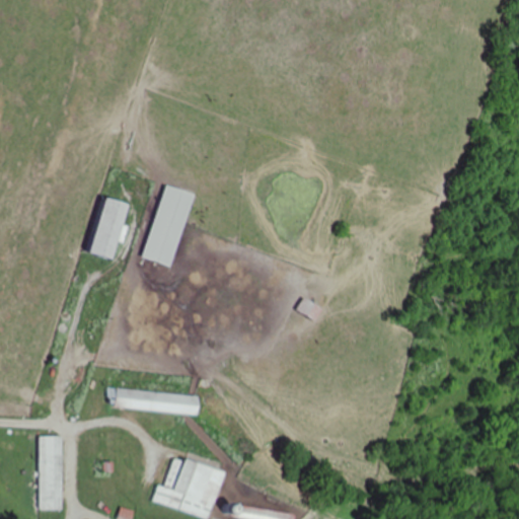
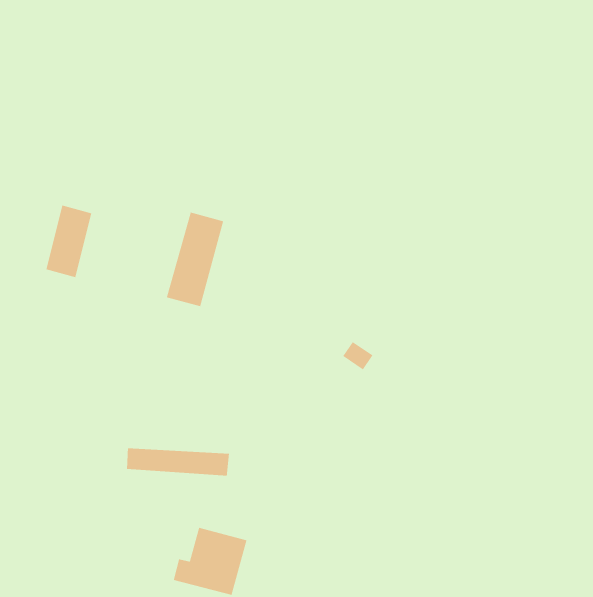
building: [91,196,132,260] -> [46,205,92,278]
building: [39,436,61,510] -> none

